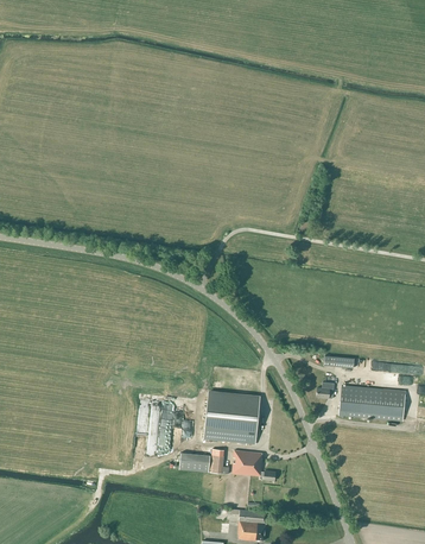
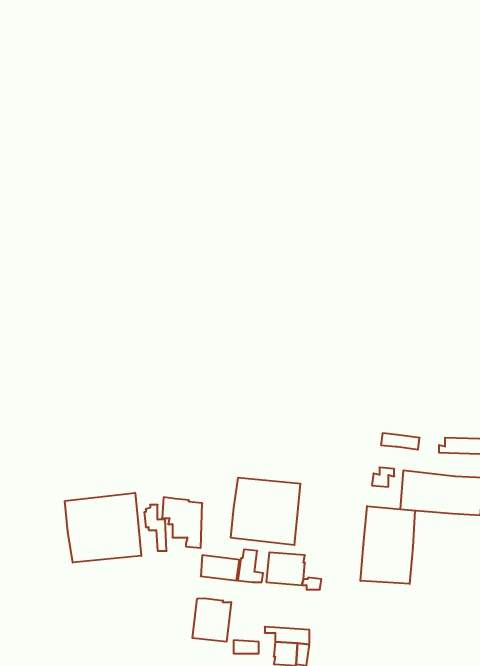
building: none -> [65,493,141,563]
building: none -> [360,506,415,584]
building: none -> [192,598,231,642]

